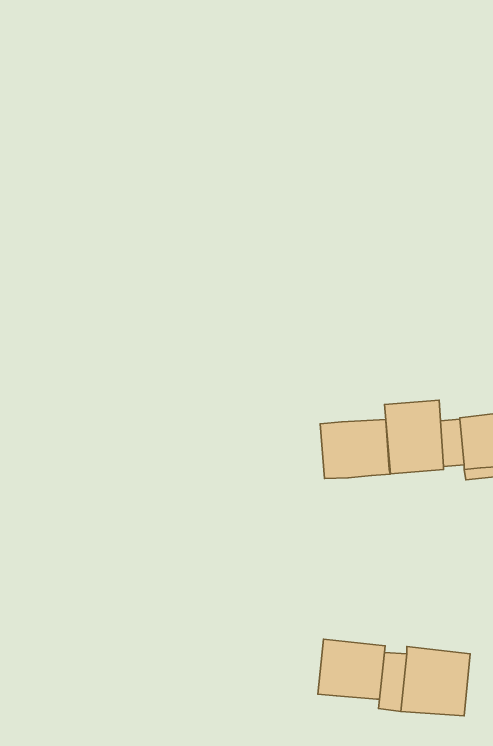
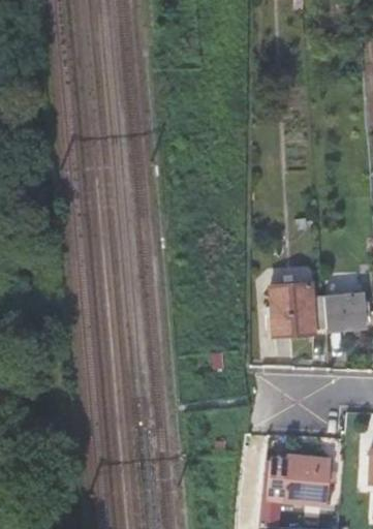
building: [320,419,390,478] -> none
building: [318,639,385,699] -> none

